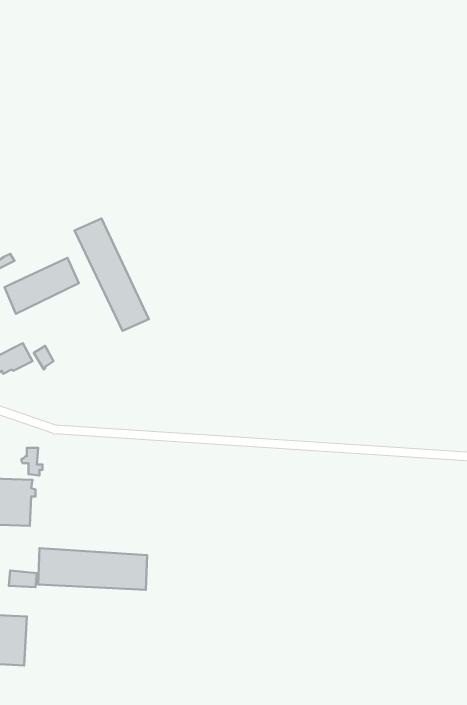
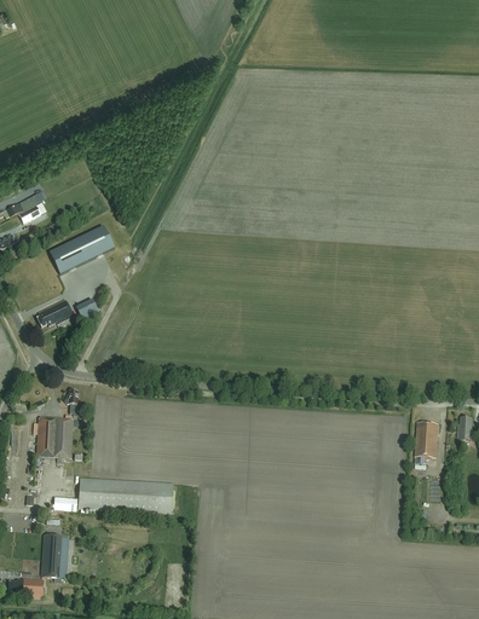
building: [74,218,149,331] -> none
building: none -> [414,421,438,463]

